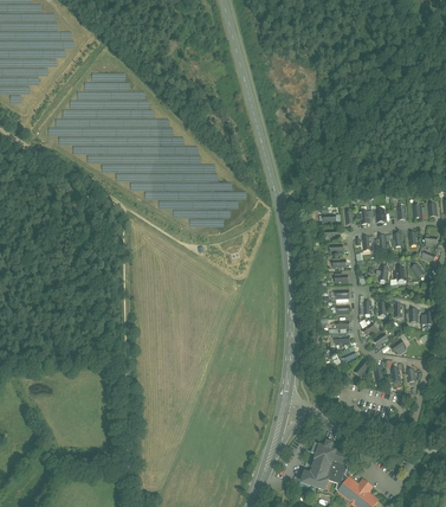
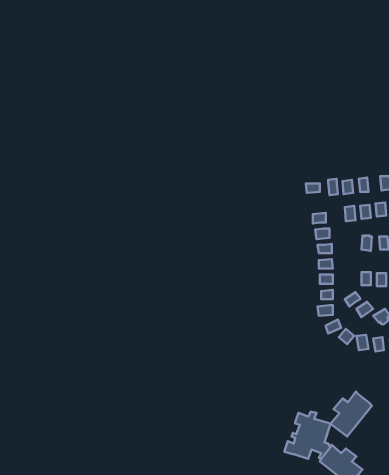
building: none -> [330,392,372,436]

